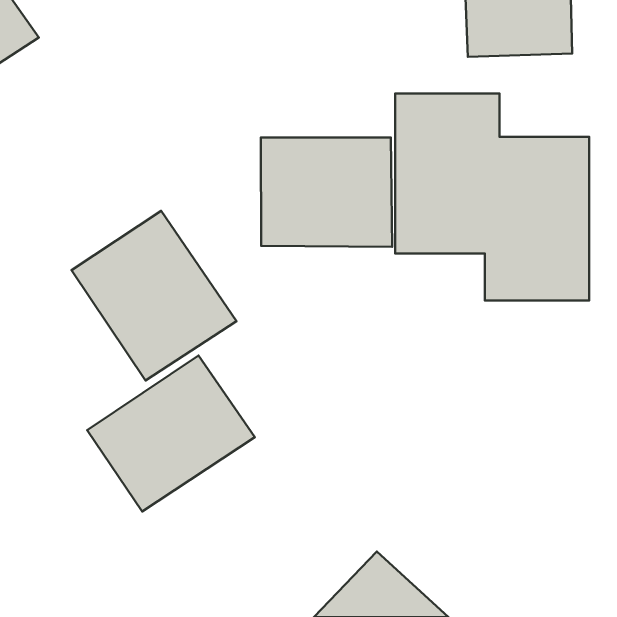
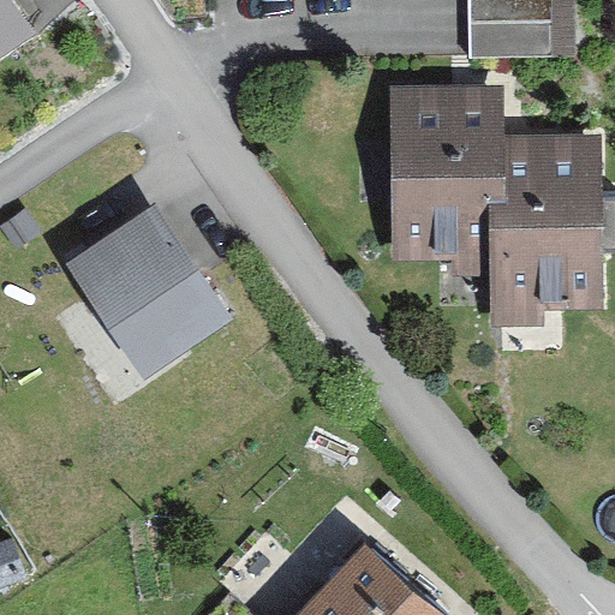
building: [261,137,392,247] -> none
building: [87,355,255,511] -> none

